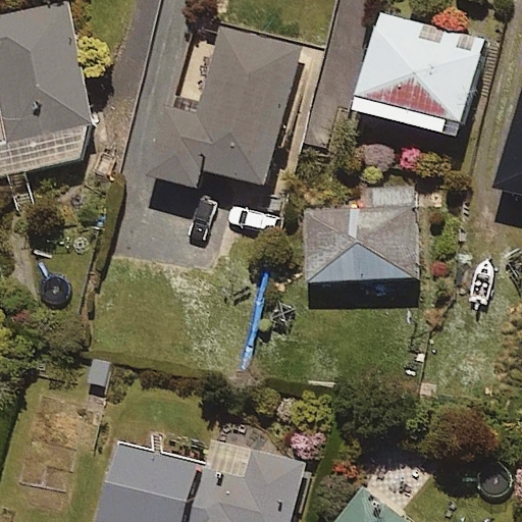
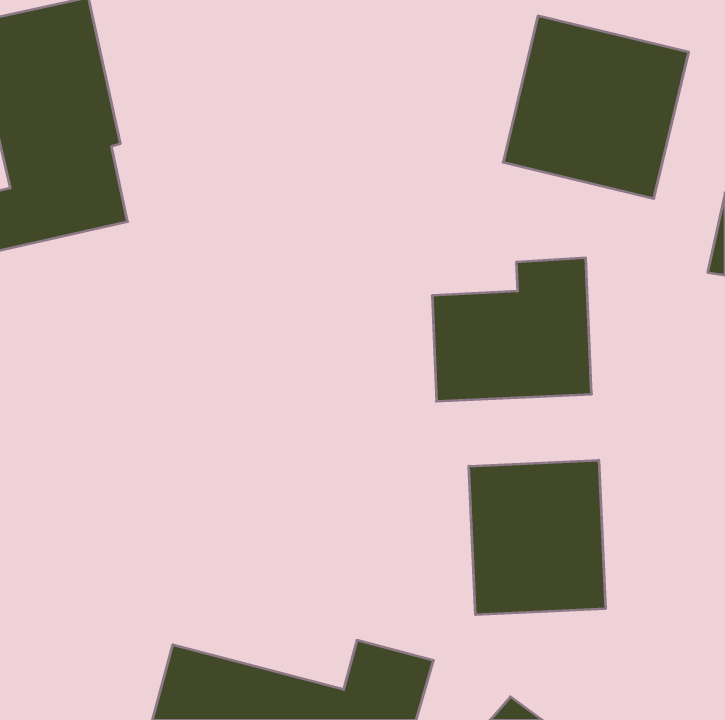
building: [151,16,300,190] -> none
building: none -> [469,460,605,615]

